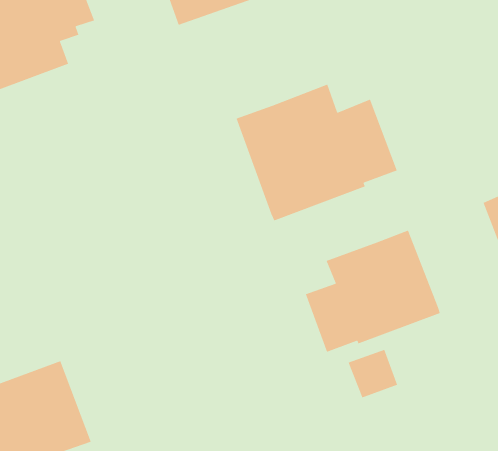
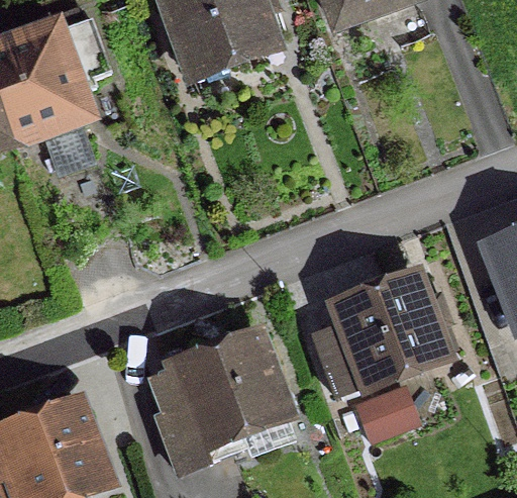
building: [236,83,398,221] -> none
building: none -> [149,336,284,473]

